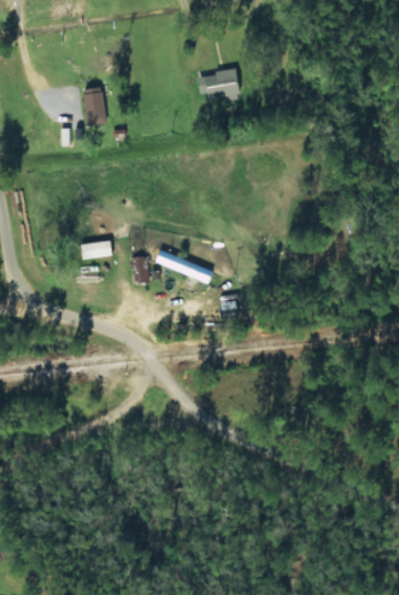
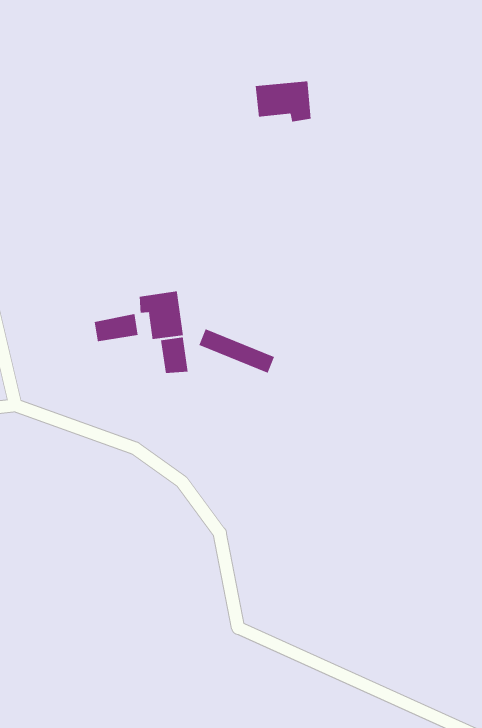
building: [83,88,106,125] -> none
building: none -> [139,290,184,340]

